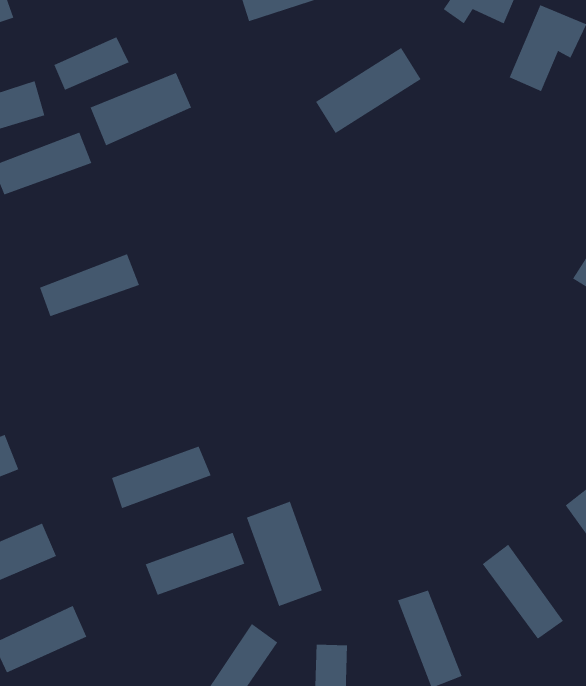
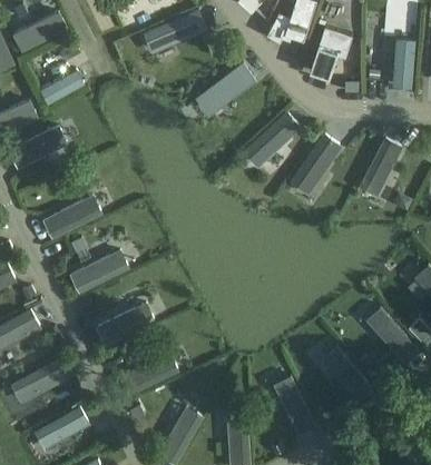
building: [90,72,192,146] -> none
building: none -> [243,111,301,167]
building: none -> [290,133,342,195]
building: none -> [70,250,128,291]
building: [246,501,323,607] -> none

